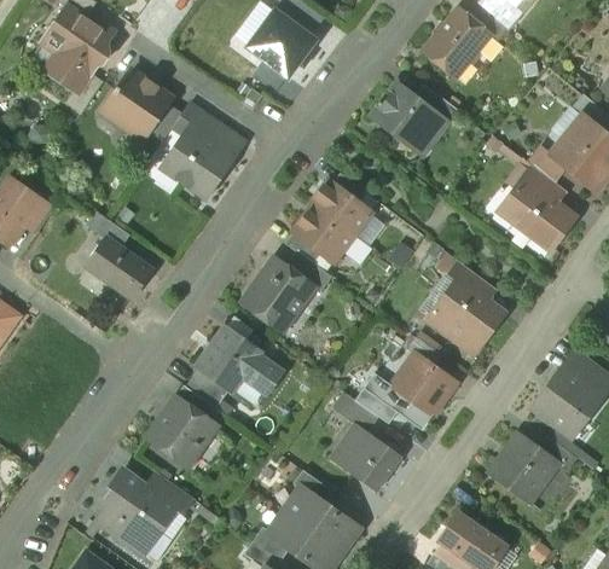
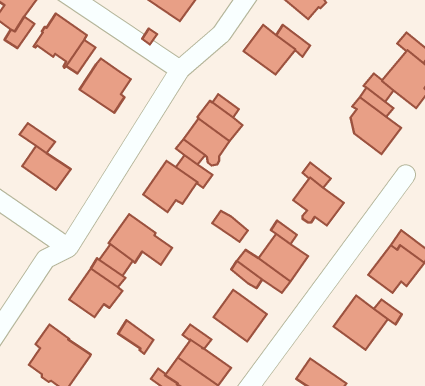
building: [172,104,224,145] -> none
building: [332,393,378,432] -> [212,211,248,242]
building: [146,474,192,517] -> [118,320,154,354]

